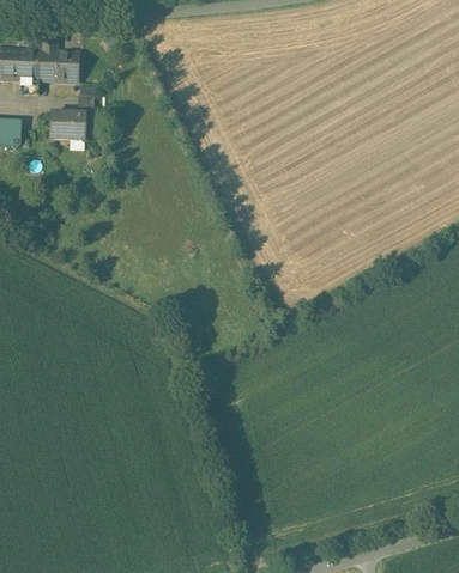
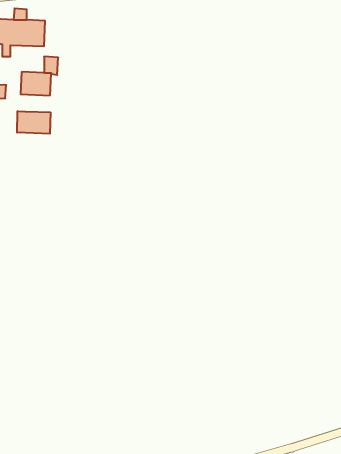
building: none -> [17,111,50,134]

